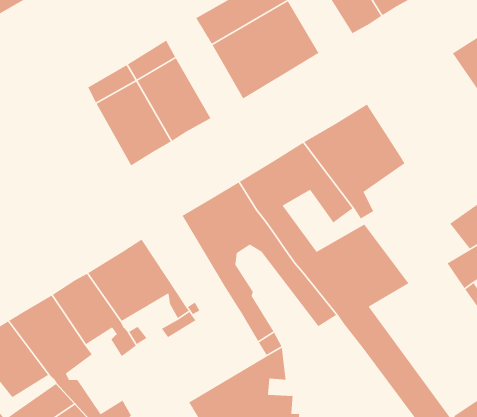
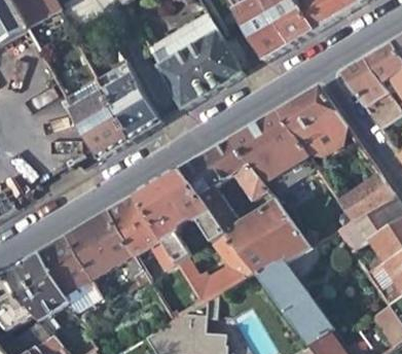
building: none -> [278,86,345,153]
building: none -> [108,196,170,256]

